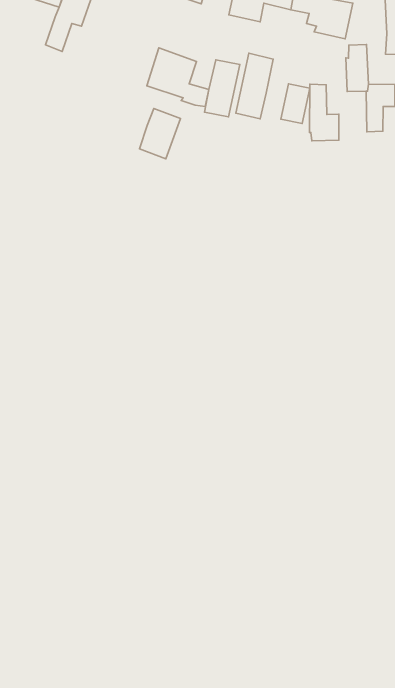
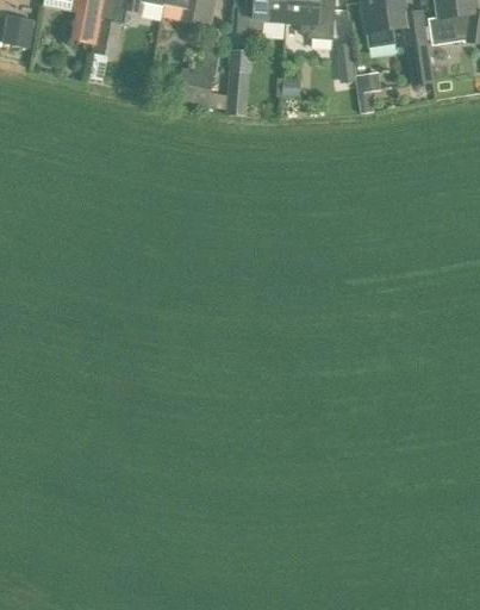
building: [236,53,273,119] -> none
building: [309,84,339,141] -> none
building: [139,108,180,159] -> none

